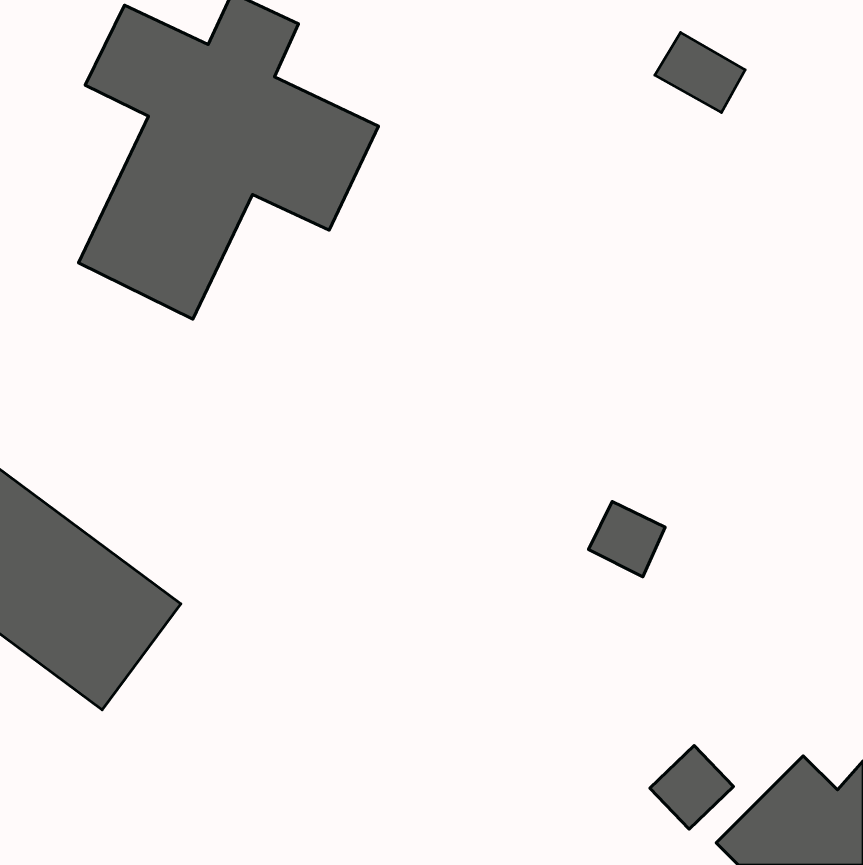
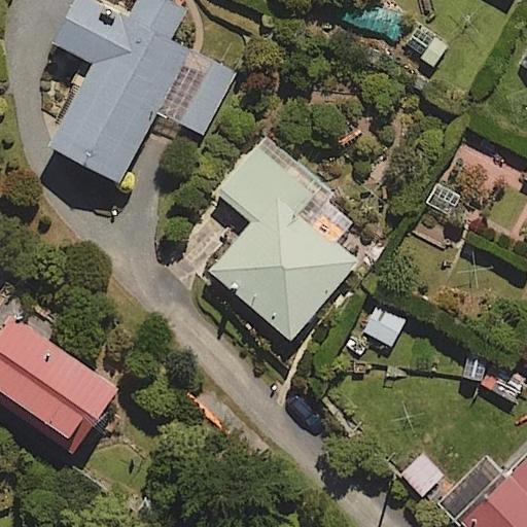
building: none -> [208,138,378,345]

